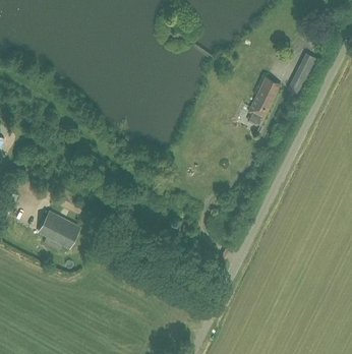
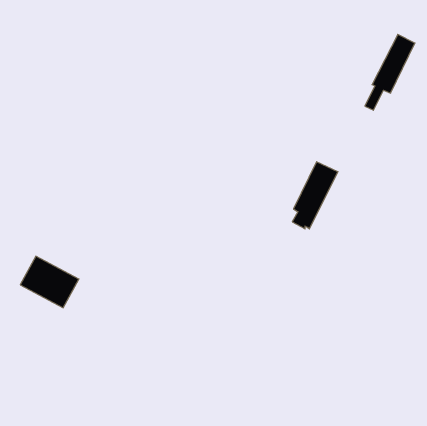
building: [246,77,279,125] -> [292,162,338,229]

